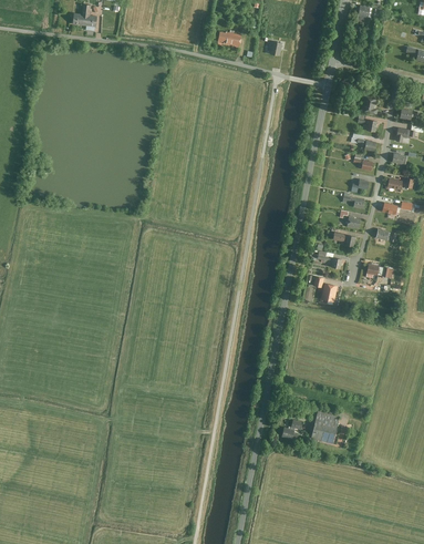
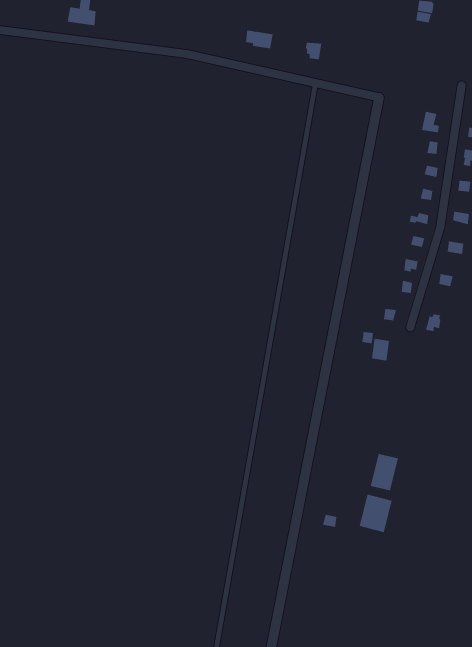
building: none -> [370,453,399,491]

